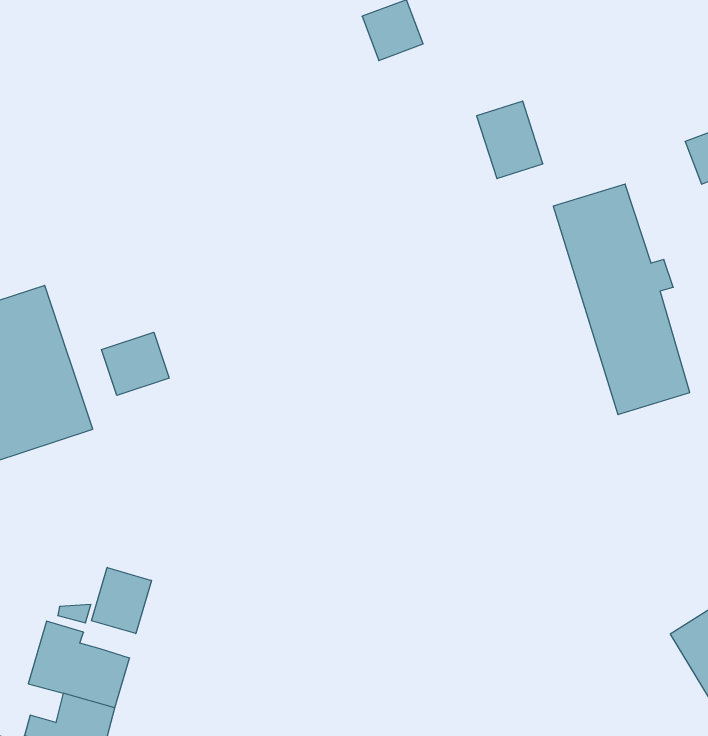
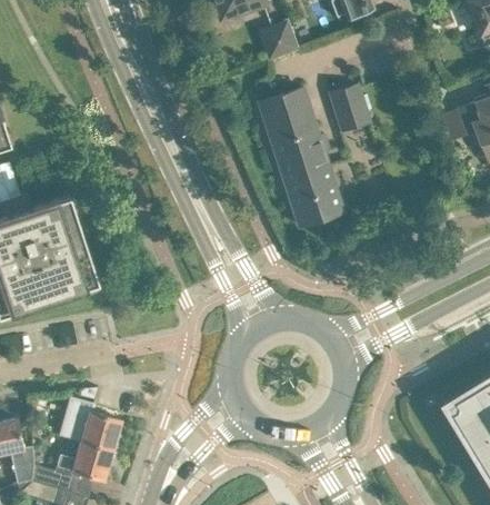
building: [553,184,690,415] -> [259,89,341,228]
building: [102,332,169,395] -> none
building: [92,567,151,634] -> none

